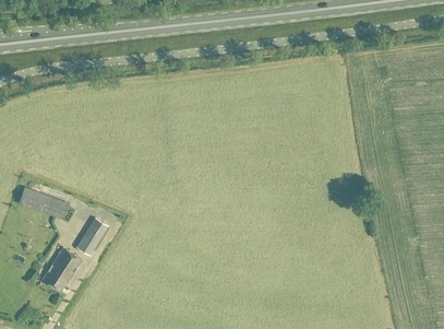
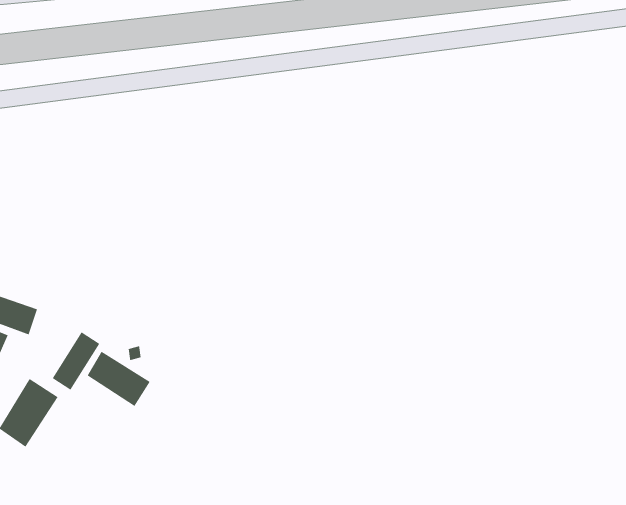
building: none -> [87,351,151,407]

